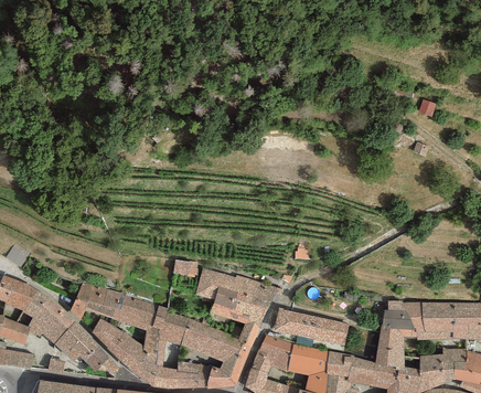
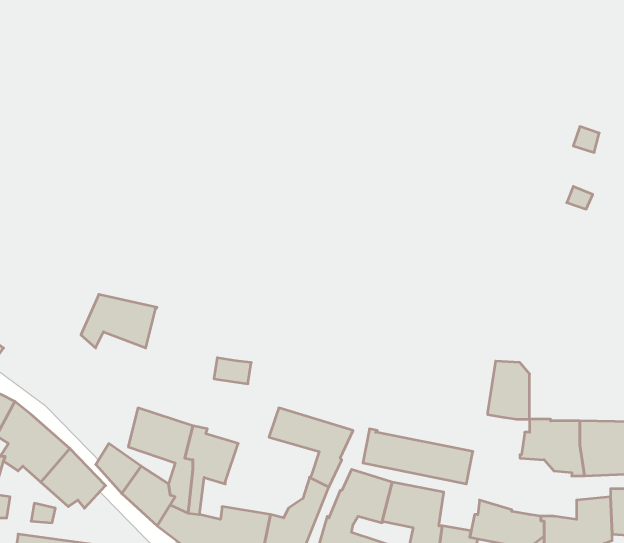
building: [194,267,276,308] -> none
building: [70,283,121,319] -> [81,294,157,348]
building: [180,317,238,361] -> none
building: [375,327,404,367] -> [488,361,530,419]
building: [84,346,118,371] -> none
building: [325,350,353,376] -> none

